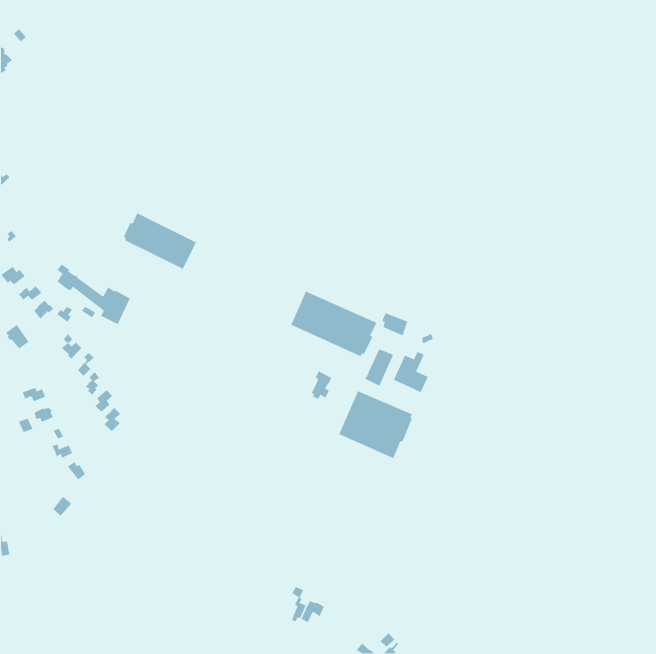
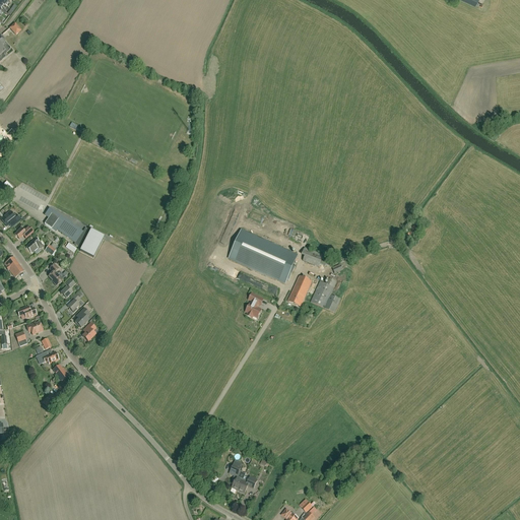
building: [123,212,197,270] -> none
building: [338,390,413,459] -> none

